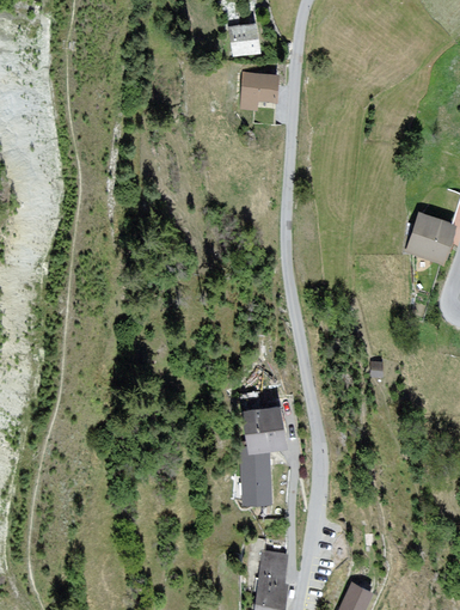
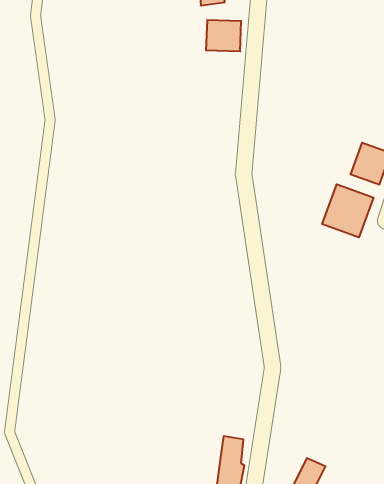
building: none -> [322,184,374,237]
building: [238,407,282,501] -> none

